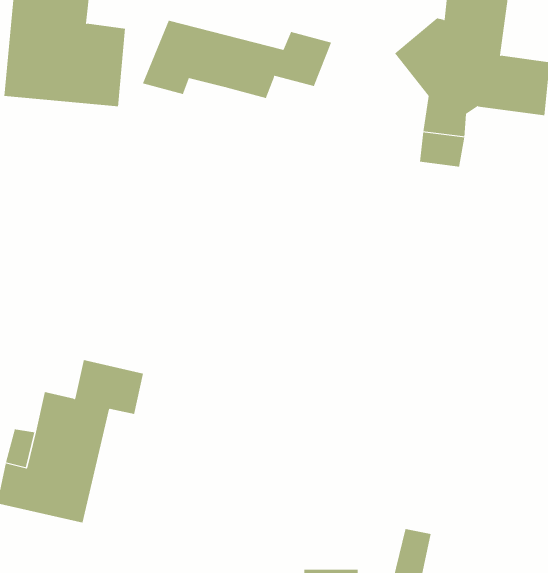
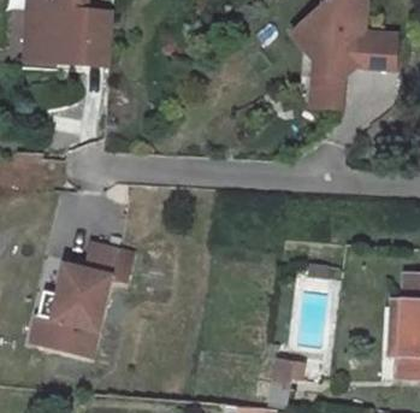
building: [142,20,332,99] -> none

